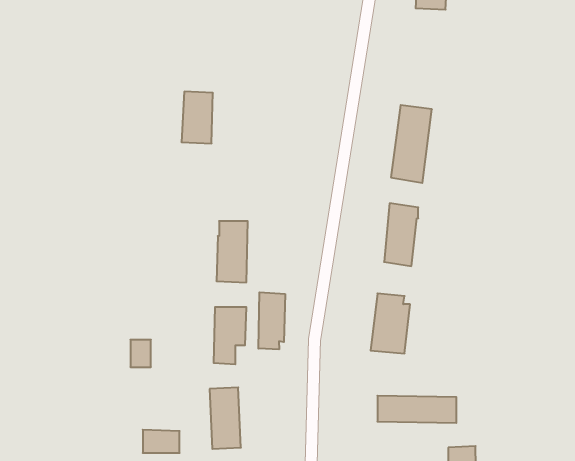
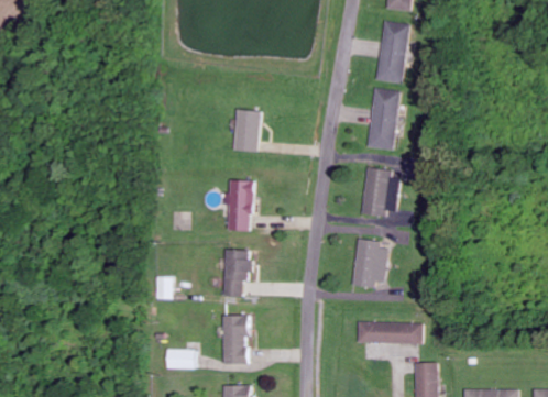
building: none -> [375,20,410,82]
building: [181,92,213,143] -> [232,109,257,151]
building: [258,292,285,349] -> none

